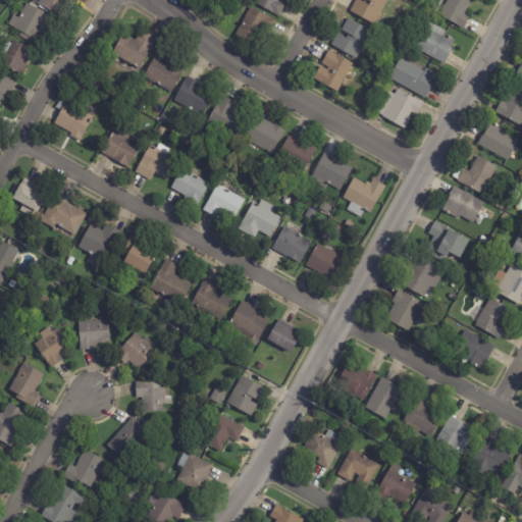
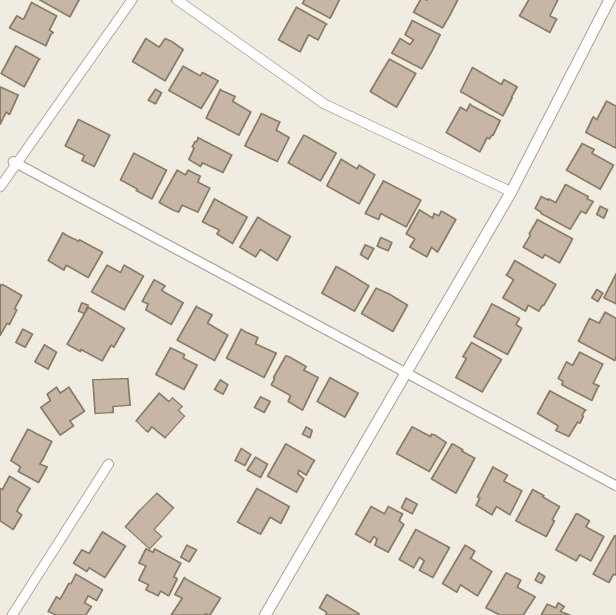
building: [416,22,458,63] -> none
building: none -> [189,137,232,172]
building: [11,177,48,218] -> none
building: [239,199,281,238] -> none
building: none -> [67,307,124,361]
building: none -> [156,348,197,390]
building: [136,380,171,413] -> none
building: [176,454,212,493] -> [139,549,181,596]

